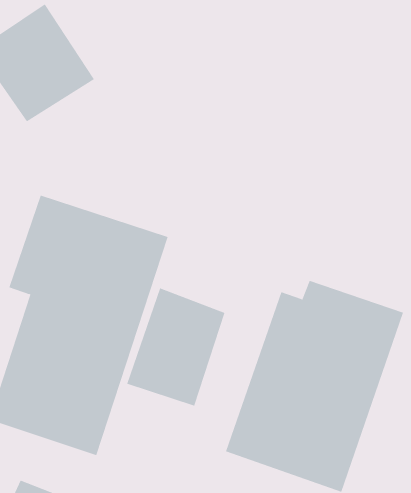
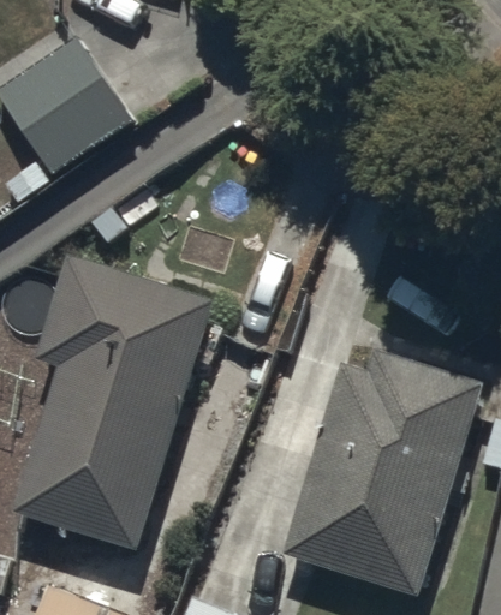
building: [126,288,225,406] -> none

